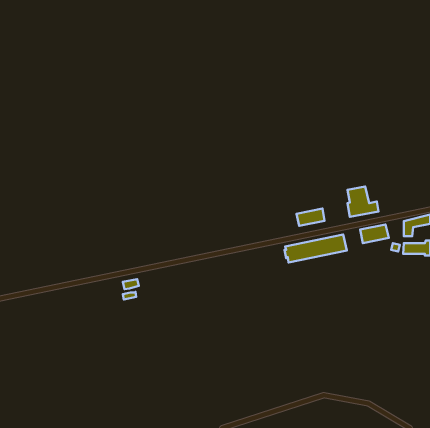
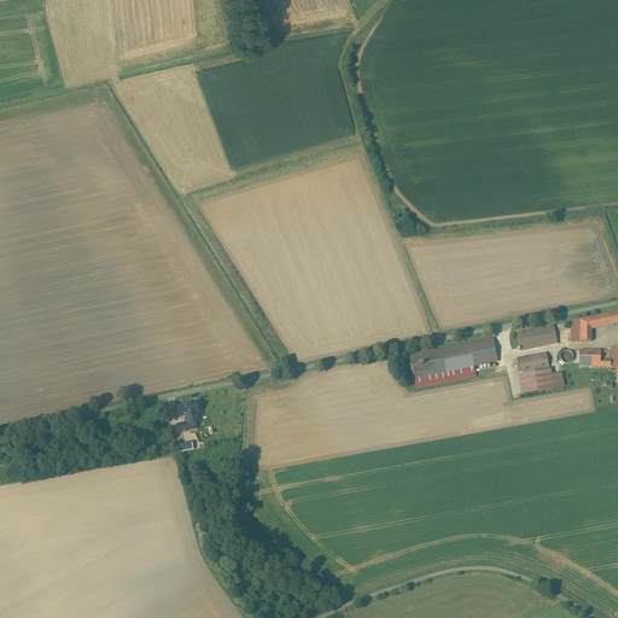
building: [347,186,379,217] -> [519,349,564,392]
building: [297,208,324,226] -> none

